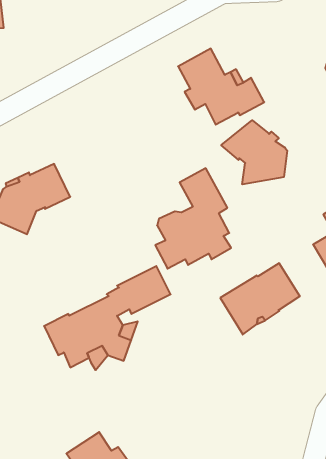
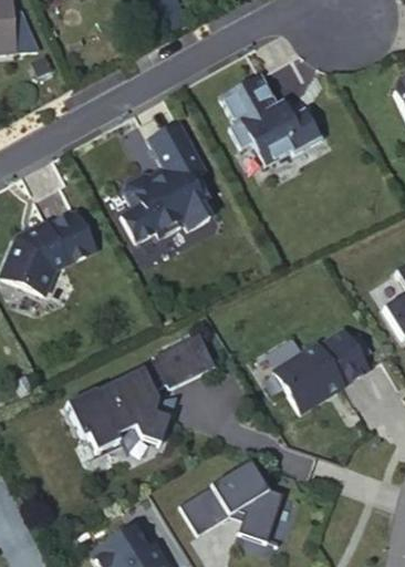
building: [221,120,287,184] -> none
building: [155,168,231,269] -> [123,122,212,240]
building: none -> [178,461,284,543]

